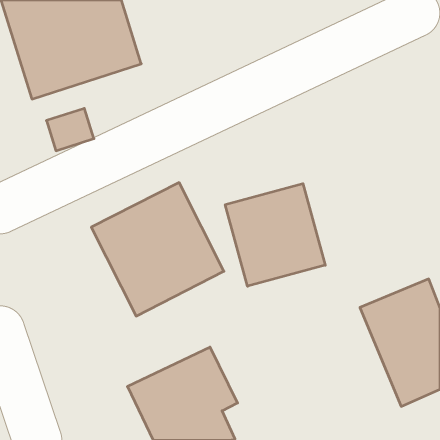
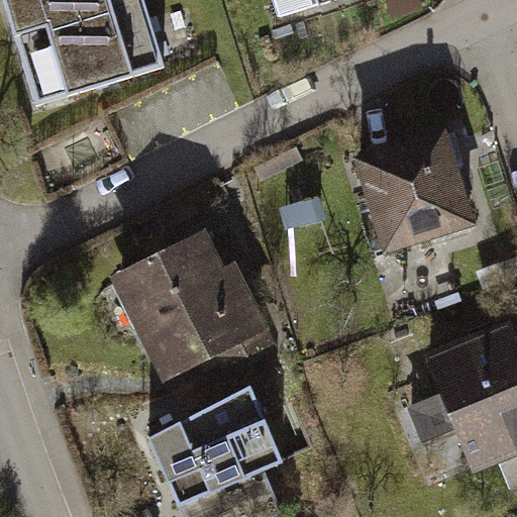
building: none -> [358,130,477,250]
building: [225,184,325,286] -> none

